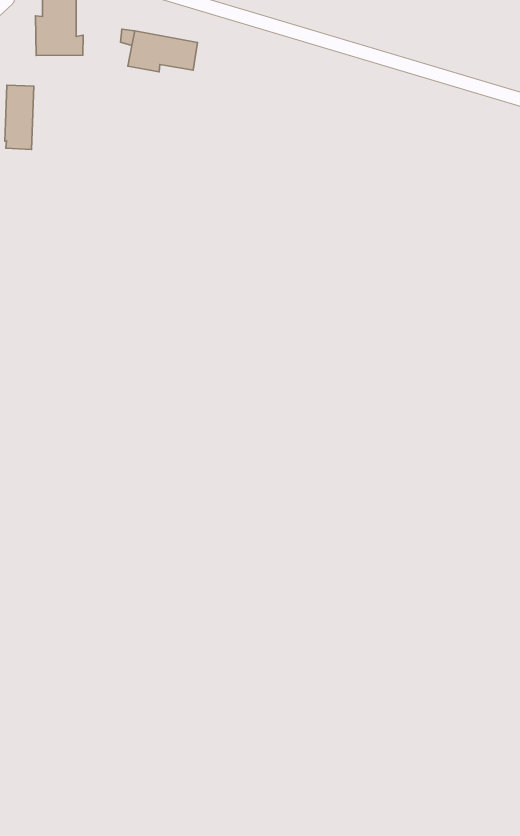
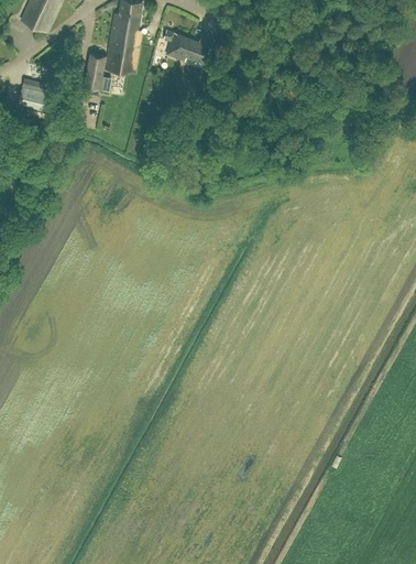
building: none -> [106,37,140,73]

